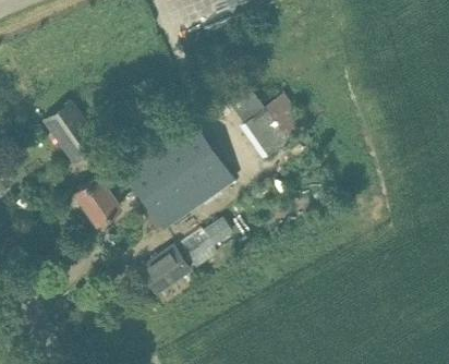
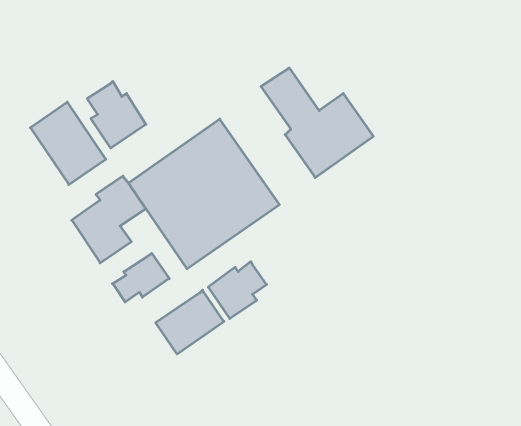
building: none -> [87,81,146,148]
building: none -> [112,253,169,302]

